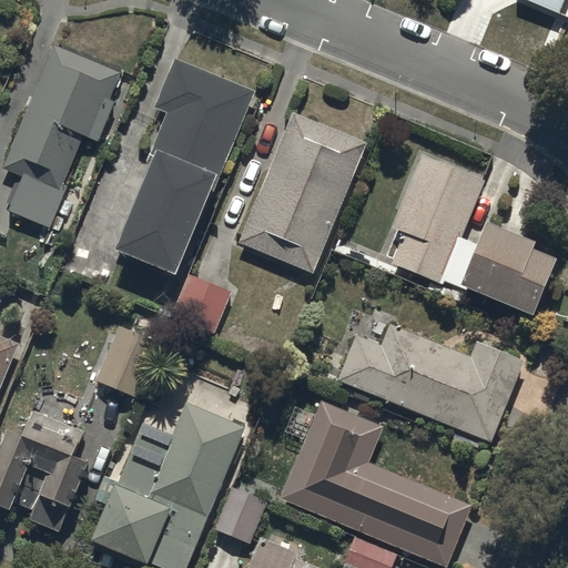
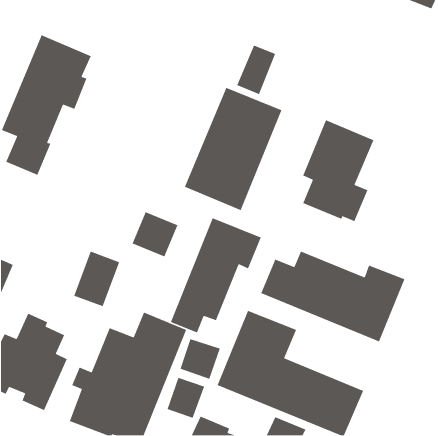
building: none -> [236,45,276,95]
building: [113,59,254,277] -> none
building: [459,224,555,317] -> none
building: none -> [170,217,262,333]
building: none -> [179,338,221,380]

